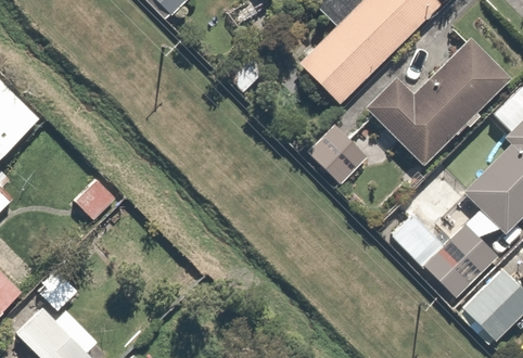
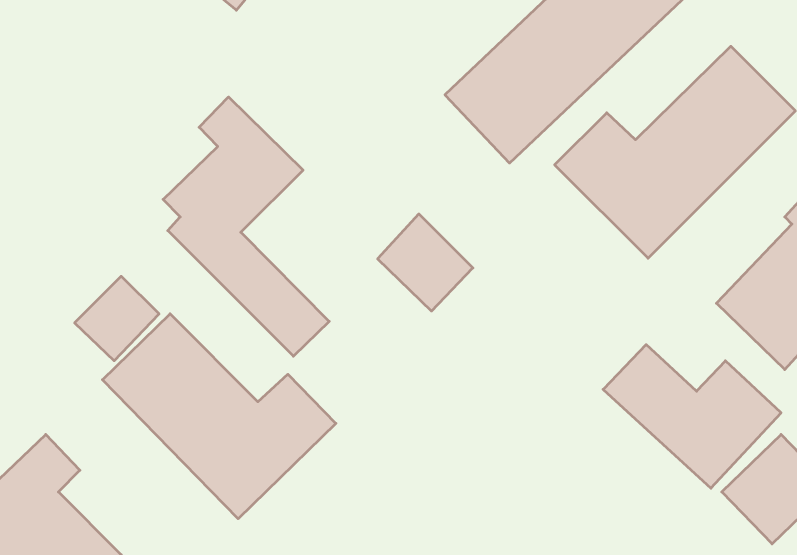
building: none -> [163,97,329,356]
building: [305,125,362,183] -> [378,214,473,311]
building: none -> [102,314,336,519]

